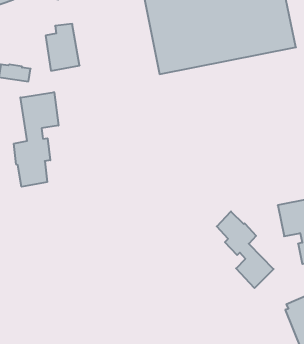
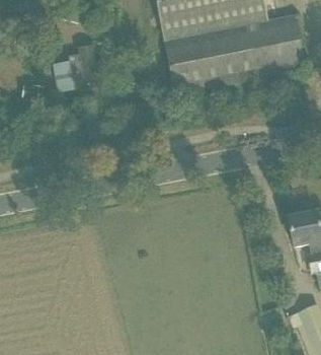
building: [14,92,58,187] -> none
building: [217,211,274,288] -> none

